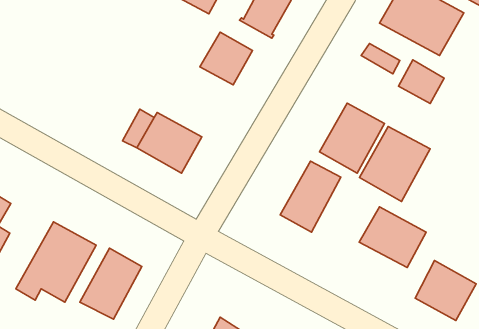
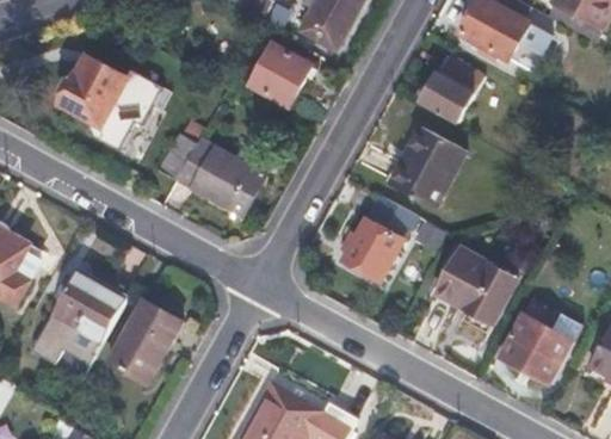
building: none -> [63,56,168,147]
building: [399,60,444,103] -> [421,72,475,123]
building: [360,126,430,201] -> none

